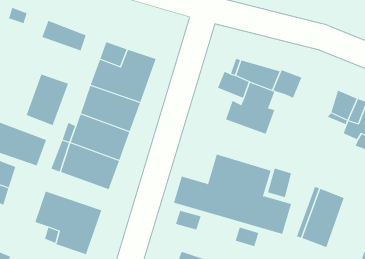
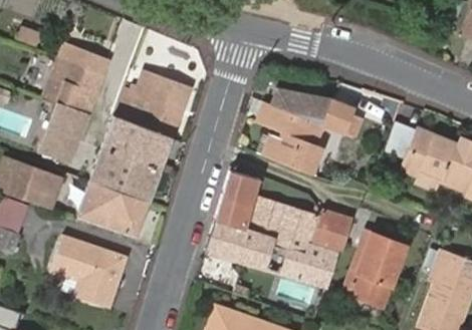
building: none -> [41,59,102,114]
building: none -> [217,171,261,229]

